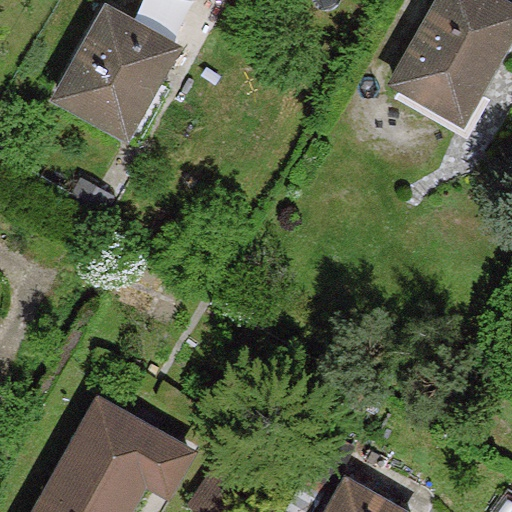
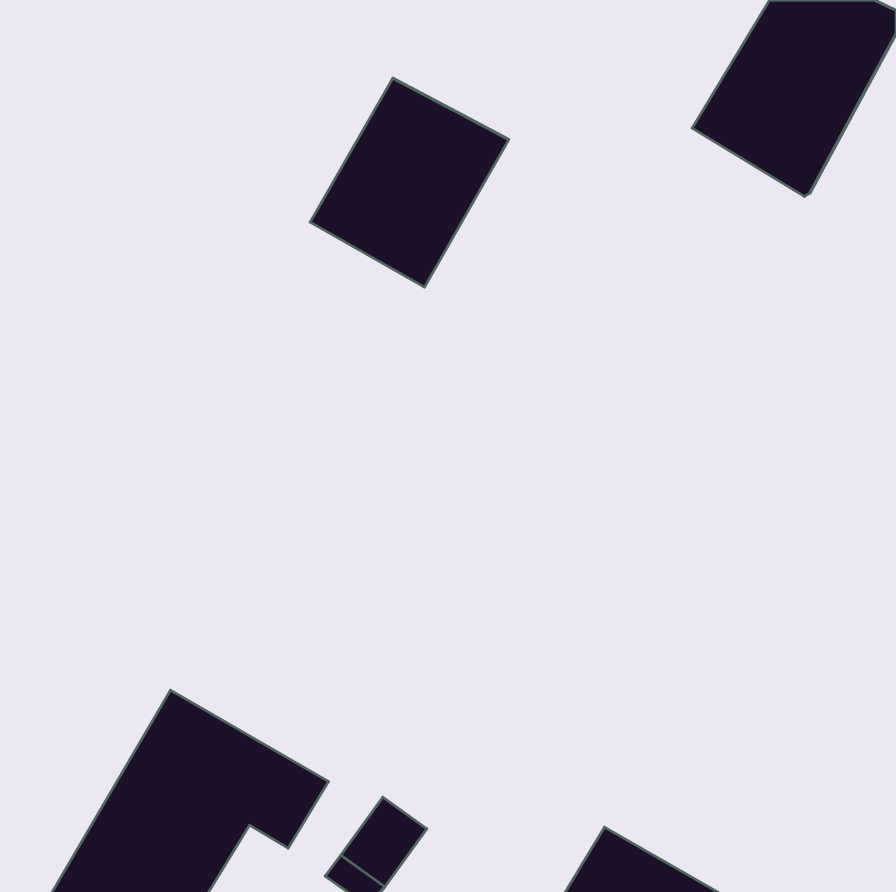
building: [71,16,184,135] -> [310,78,509,287]

